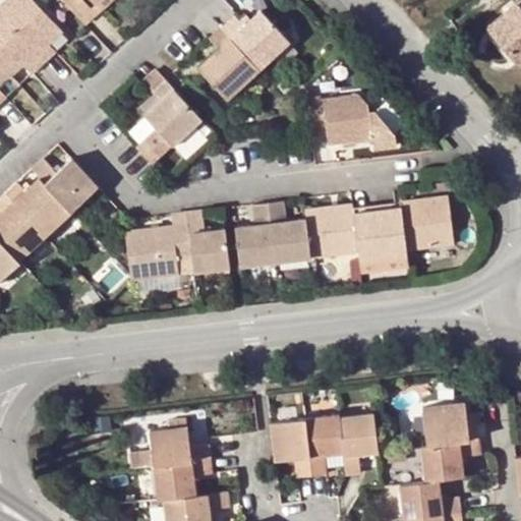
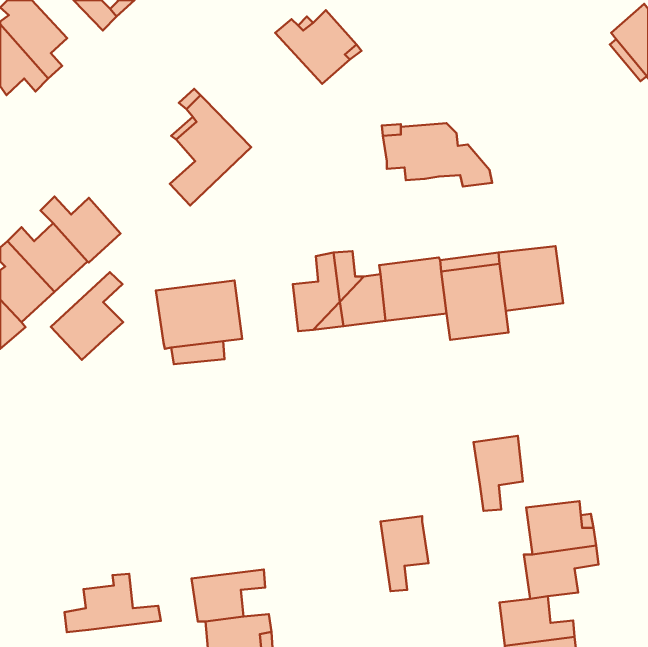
building: [200,27,258,97] -> none
building: [187,213,229,273] -> none
building: none -> [51,272,123,360]
building: [339,414,379,474] -> [473,436,523,511]
building: [270,419,313,477] -> none
building: [134,420,212,467] -> [64,574,161,632]

